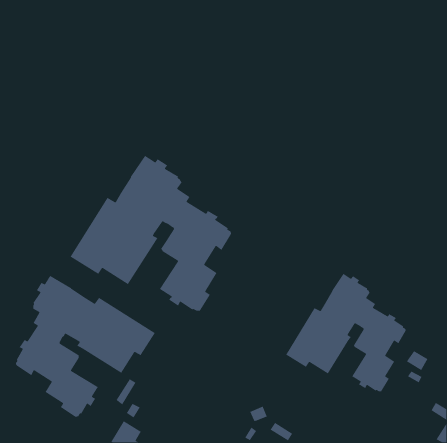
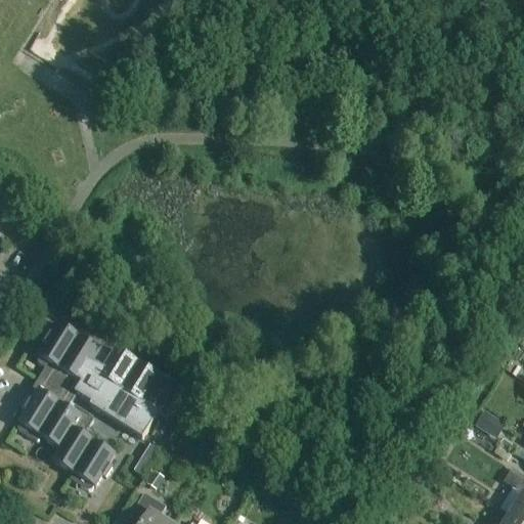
building: [70,155,232,312] -> none
building: [285,273,407,392] -> none

